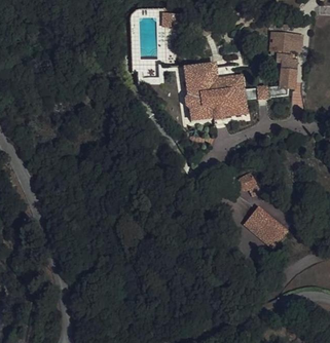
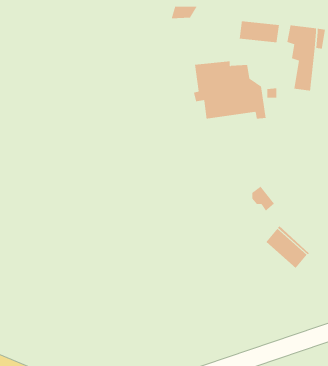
building: none -> [239,21,279,43]

